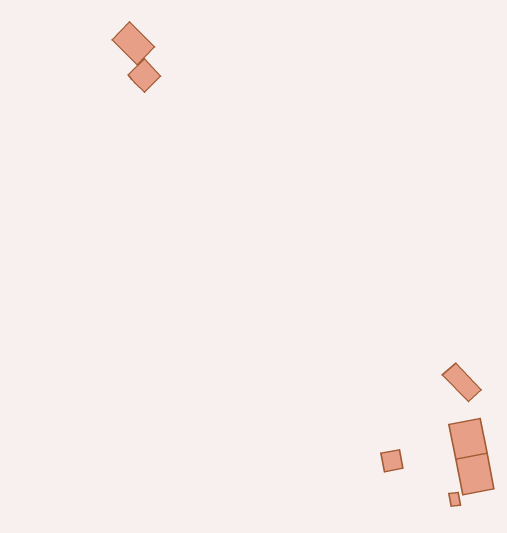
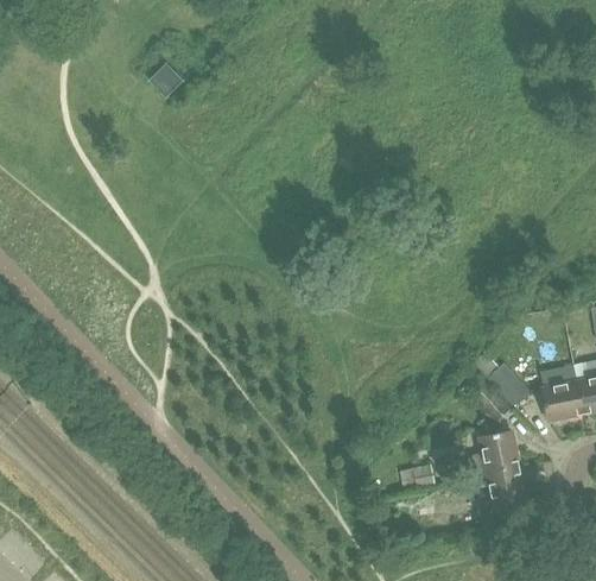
building: [112,22,155,65] -> none
building: none -> [487,360,527,402]

